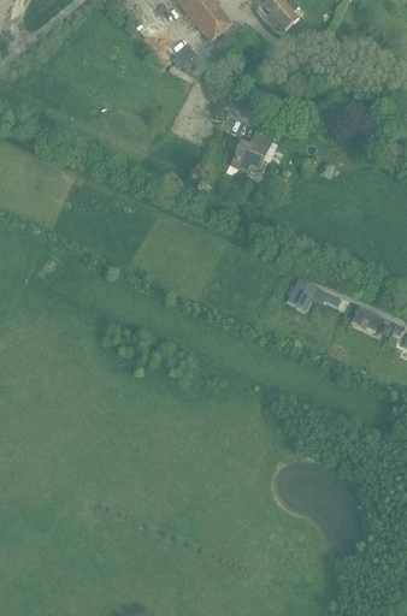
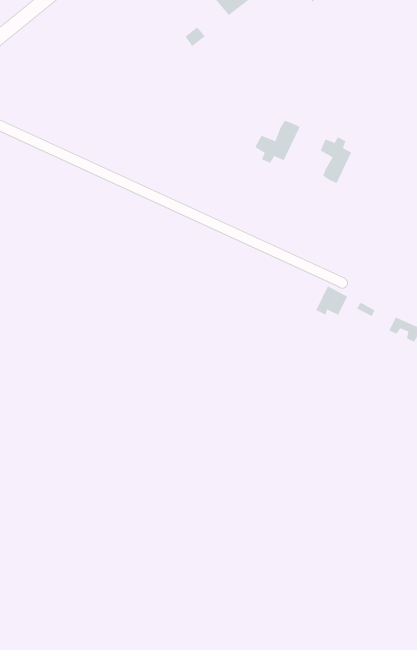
building: none -> [320,136,352,184]

